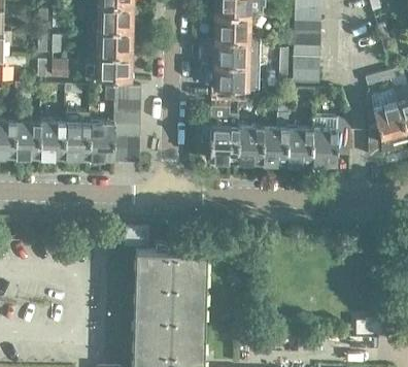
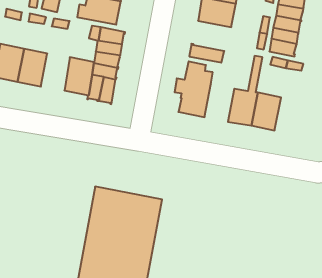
building: [213,62,249,89] -> none
building: [311,115,350,163] -> none
building: [64,121,89,156] -> none
building: [237,125,263,161] -> none

